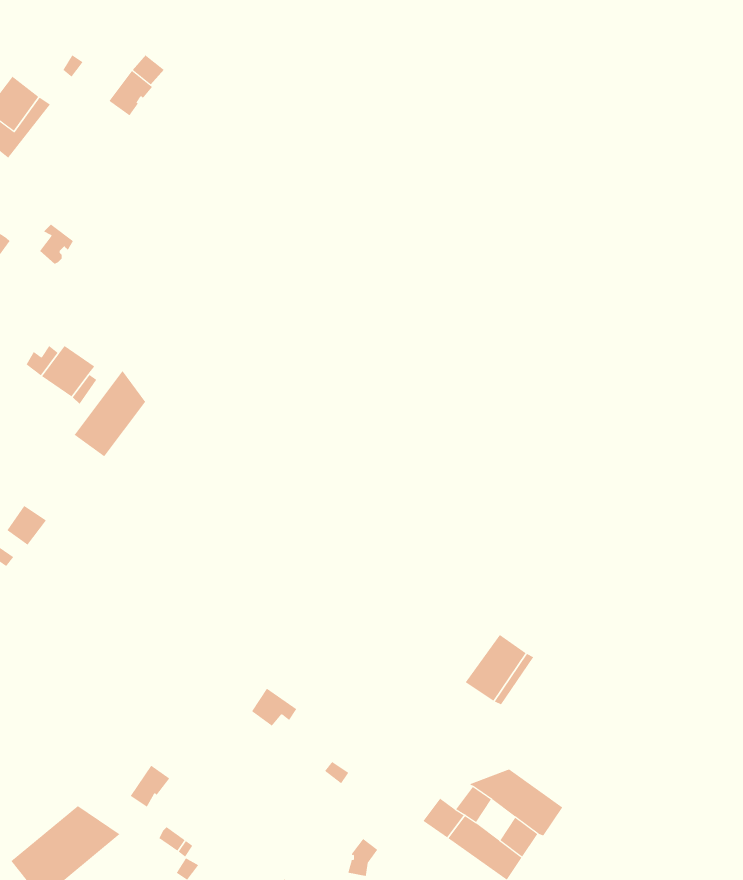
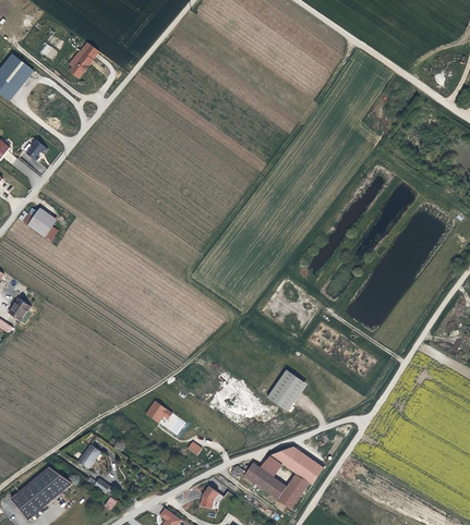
building: [74,370,146,457] -> none

